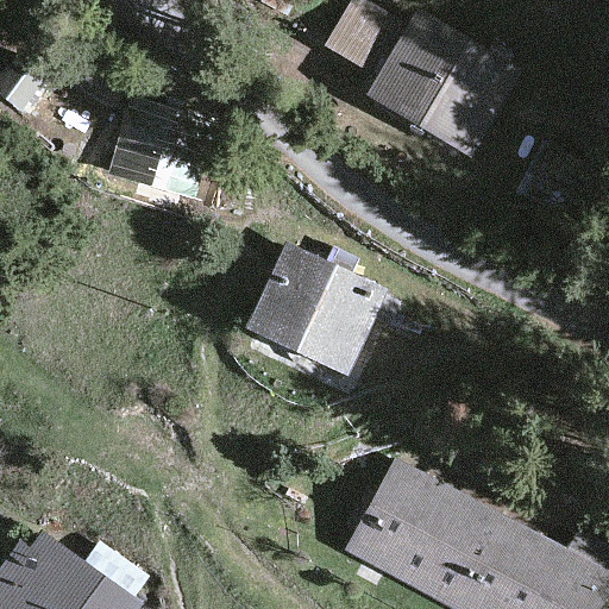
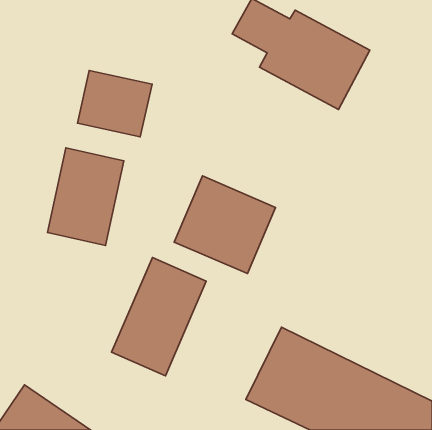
building: none -> [47,148,124,245]
building: none -> [111,257,206,376]

